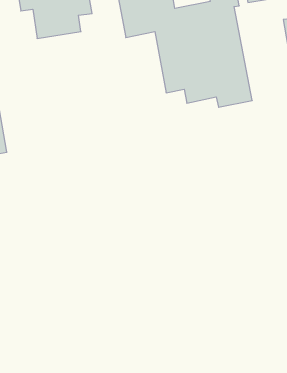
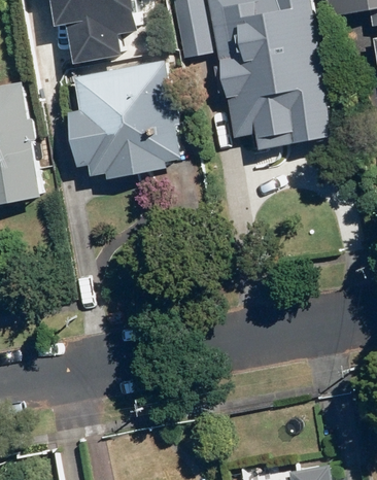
building: none -> [68,59,181,177]

